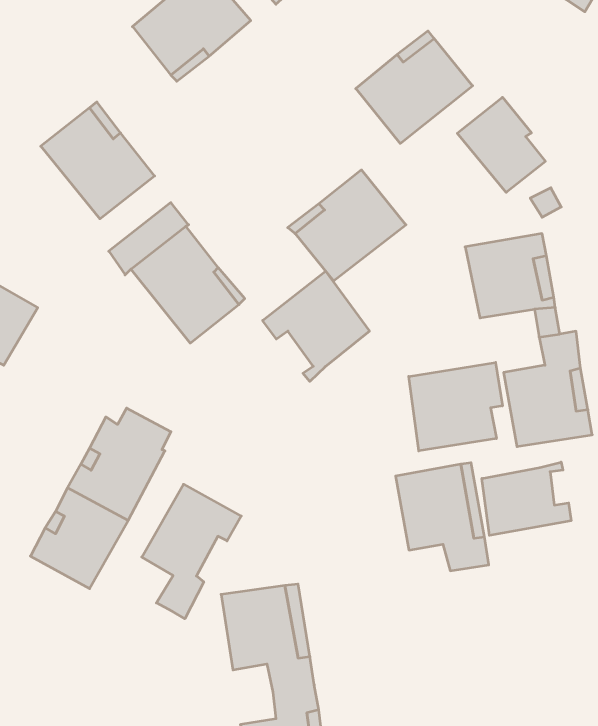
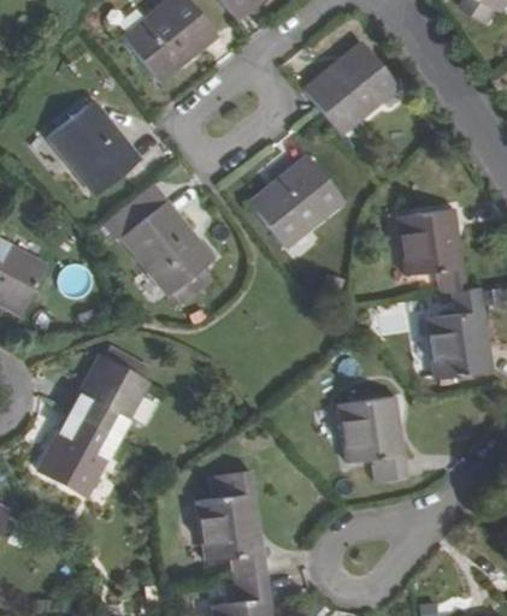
building: [457,97,545,192] -> none
building: [263,271,369,381] -> none
building: [409,362,502,451] -> none
building: [482,462,571,535] -> none
building: [142,484,241,619] -> none

